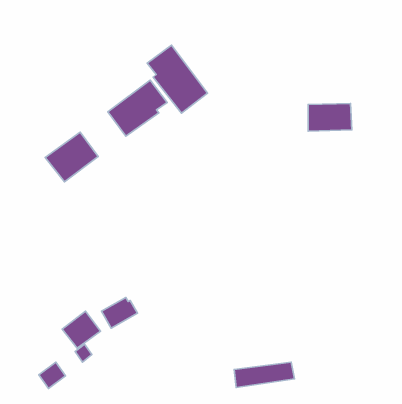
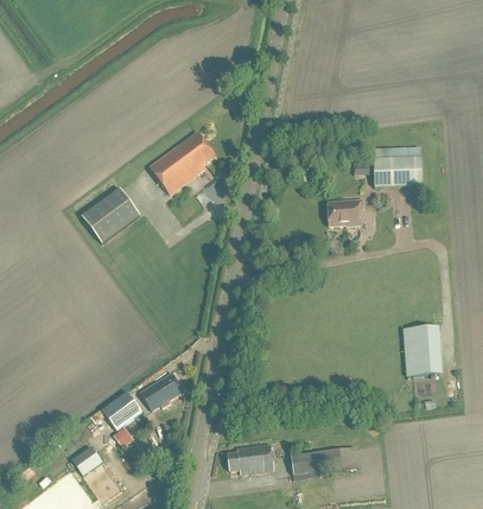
building: [147,45,207,113] -> none
building: none -> [325,199,364,227]
building: none -> [406,324,446,375]
building: none -> [227,444,273,472]

